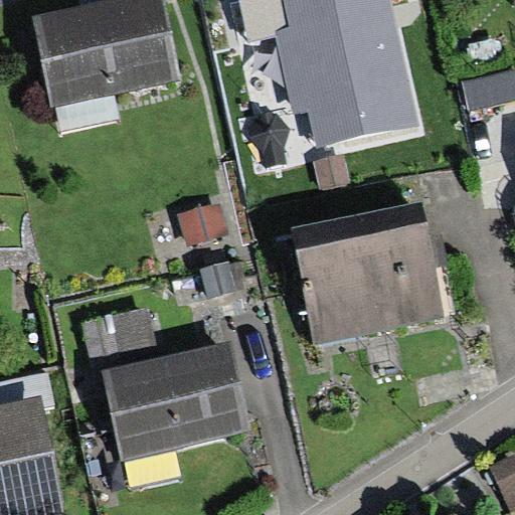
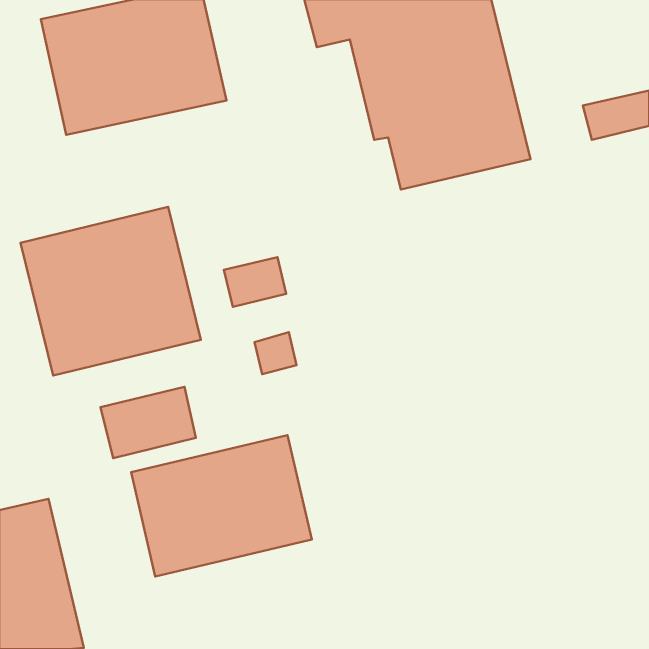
building: none -> [21,207,201,376]
building: [289,199,445,348] -> none

